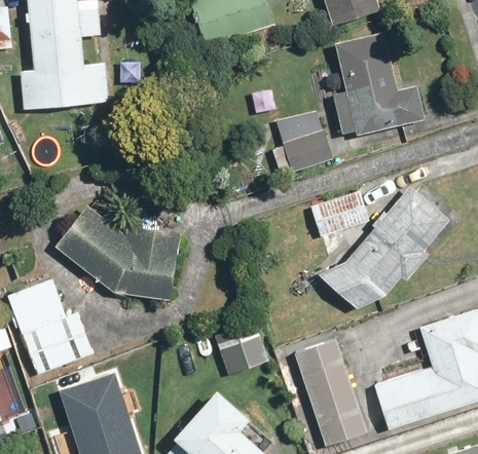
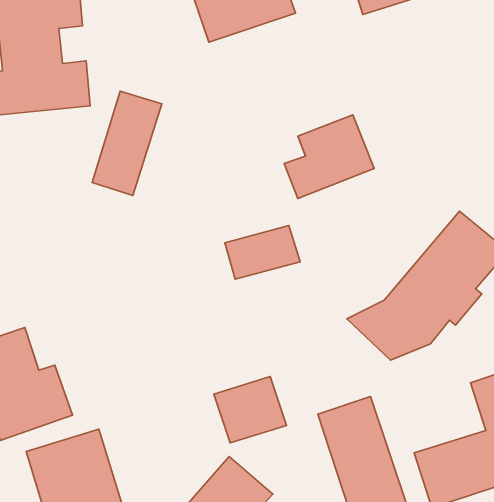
building: [331,33,428,136] -> none
building: none -> [92,91,162,195]
building: [308,193,370,237] -> [225,225,300,279]
building: [53,203,181,301] -> none

